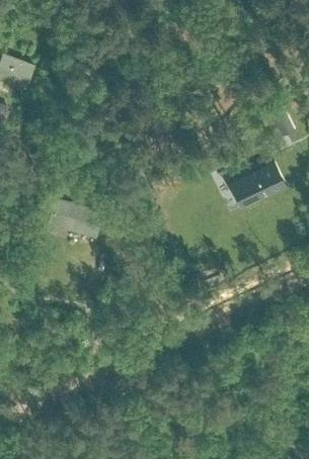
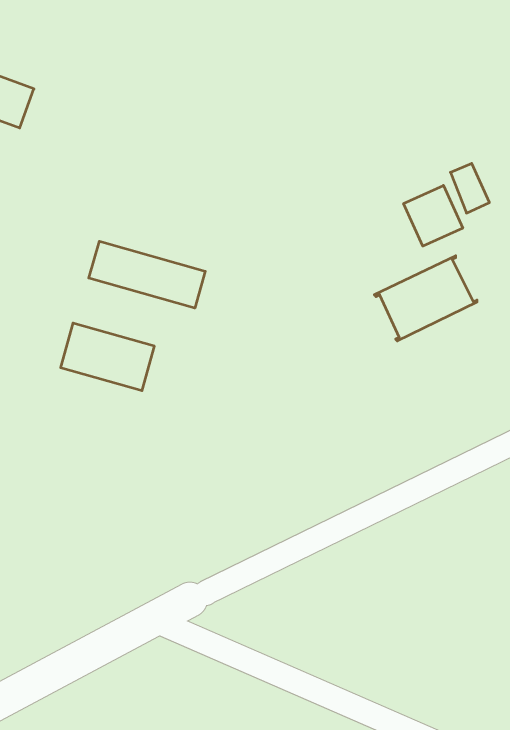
building: none -> [404,185,463,246]
building: none -> [89,241,205,308]

